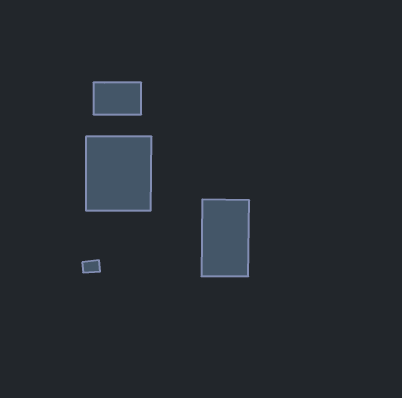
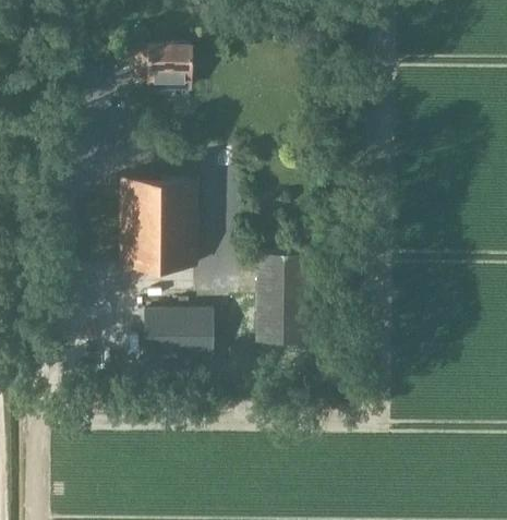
building: [93,83,141,114] -> [136,45,192,82]
building: none -> [145,310,213,360]

